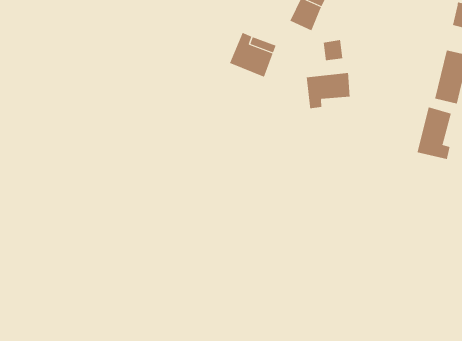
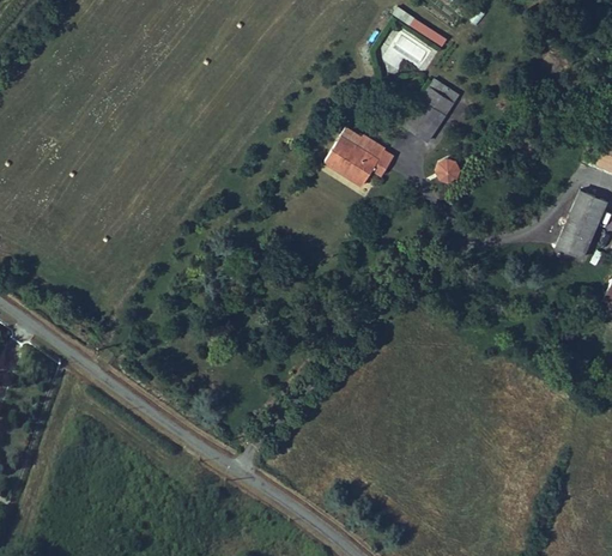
building: [306,72,350,109] -> none
building: [417,106,452,160] -> none

